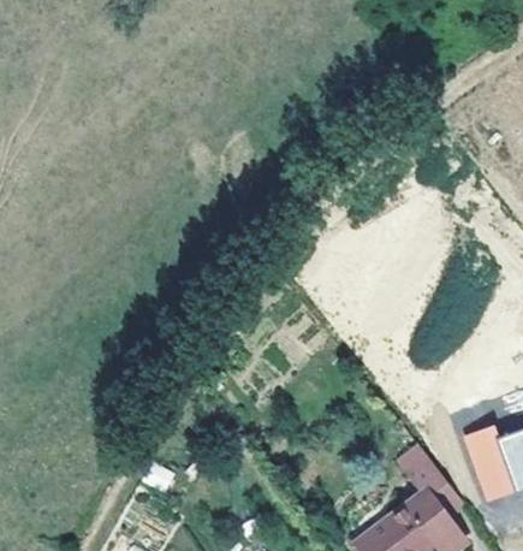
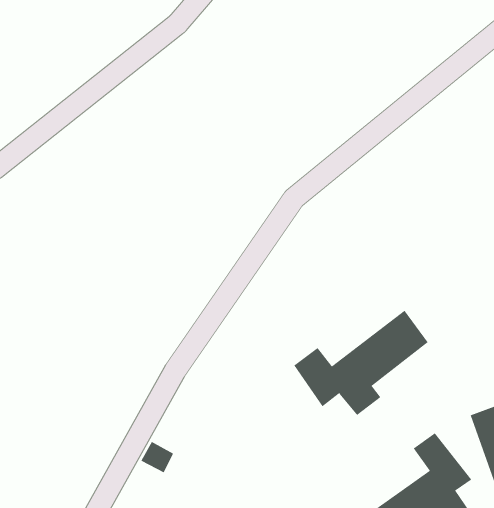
building: none -> [294,310,429,416]

